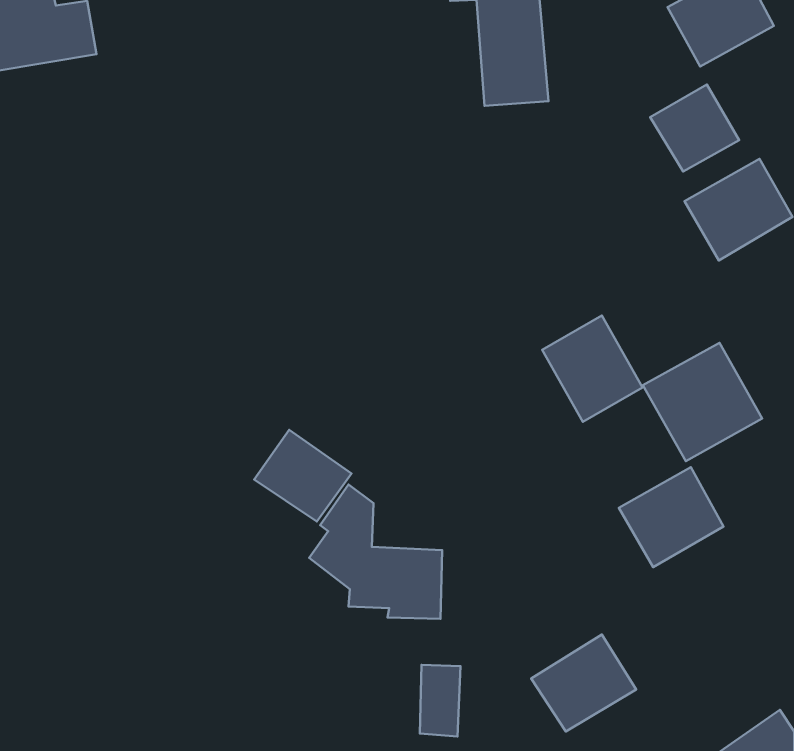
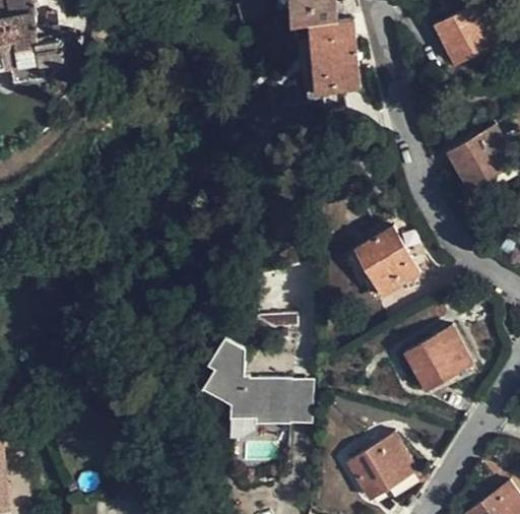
building: [650,85,739,172] -> none
building: [643,343,762,461] -> none
building: [254,430,352,522] -> none
building: [420,665,461,737] -> [286,380,313,427]

